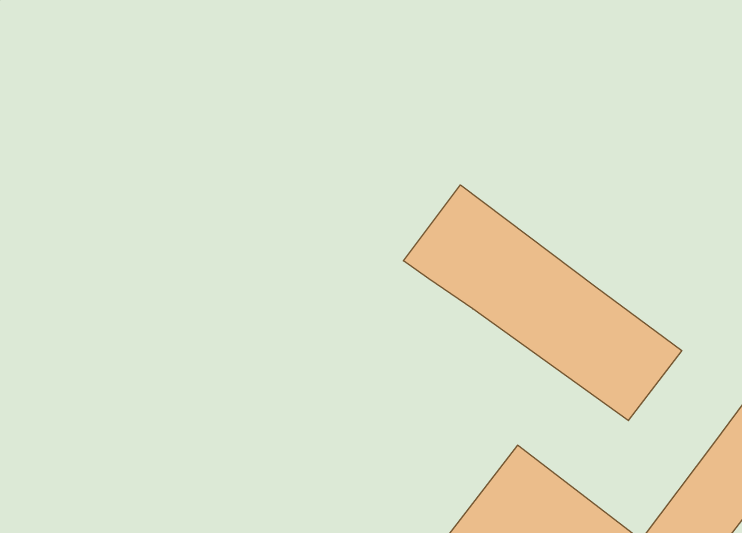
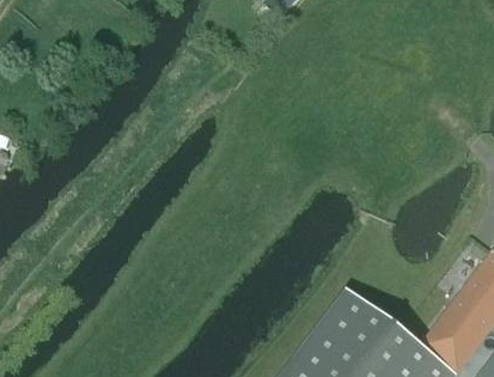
building: [403,185,682,421] -> none

